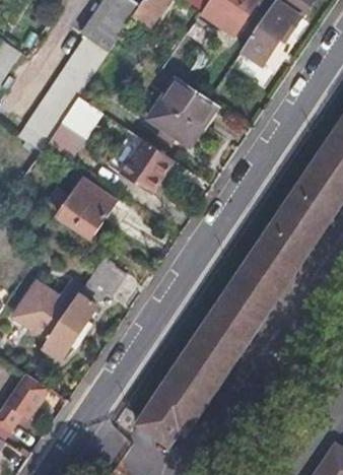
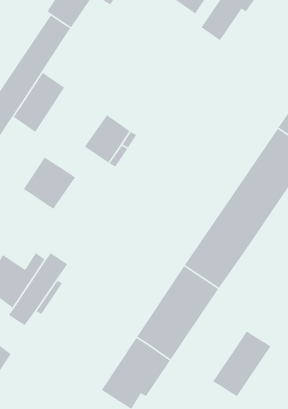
building: [148,78,217,147] -> none
building: [86,257,126,297] -> none
building: none -> [212,330,272,397]

